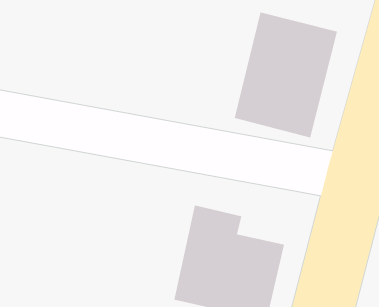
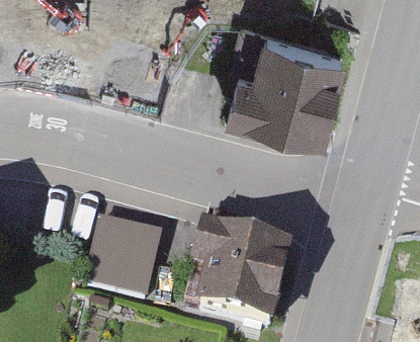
building: none -> [80,221,160,296]

